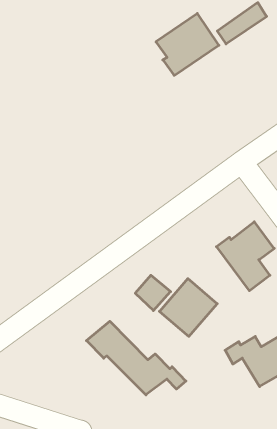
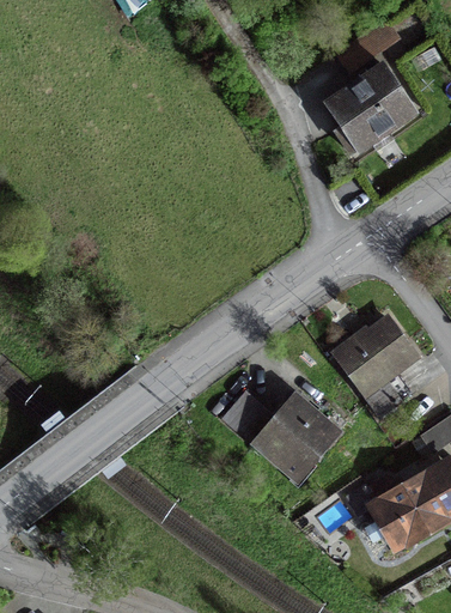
building: [156,13,219,75] -> [325,66,413,152]
building: [86,321,186,395] -> none

